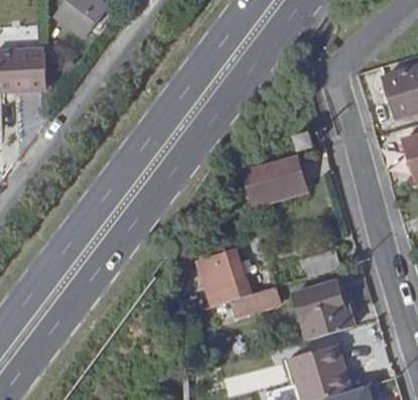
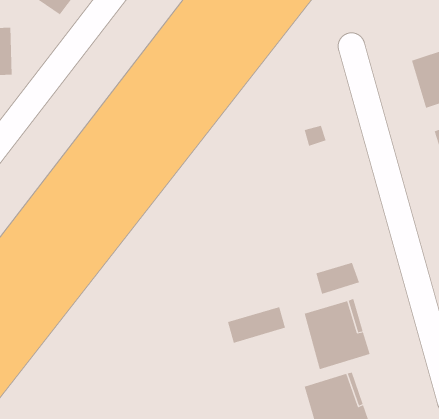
building: [243,156,306,202] -> none
building: [195,249,249,305] -> none

